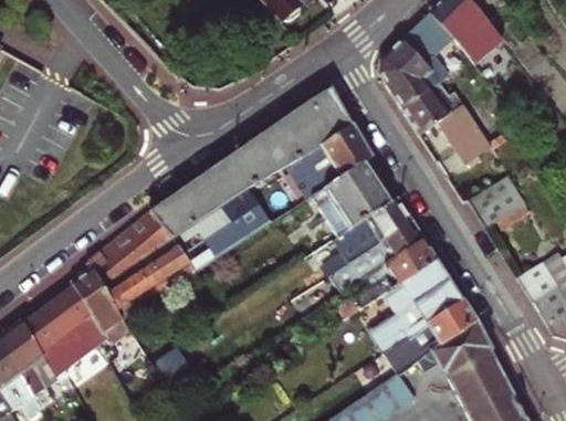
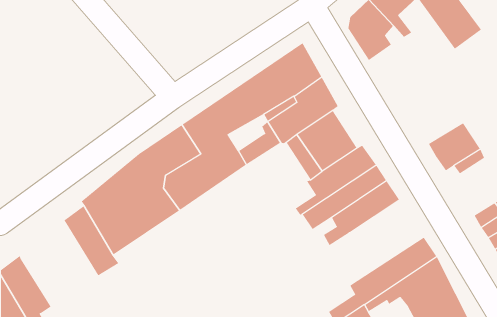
building: [403,82,491,162] -> none
building: [368,257,464,351] -> none
building: [23,284,107,375] -> none

